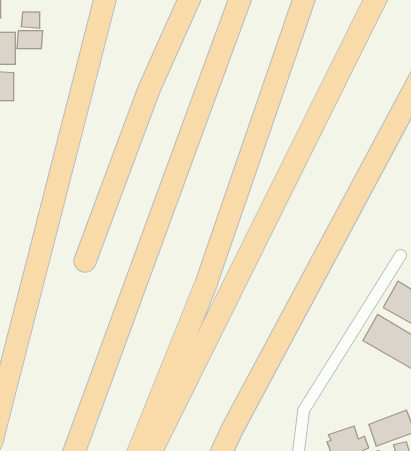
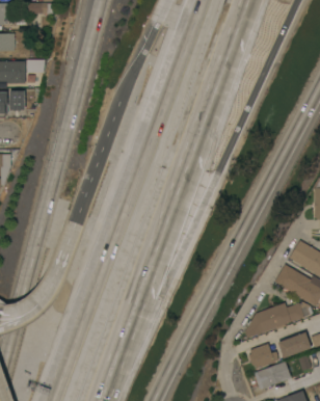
building: none -> [244,302,304,339]

